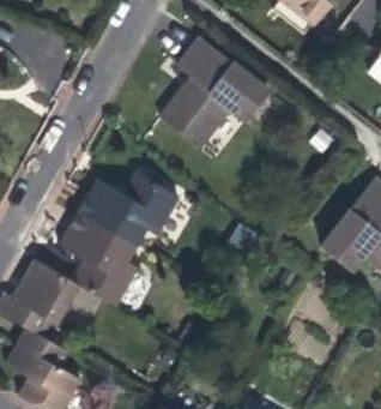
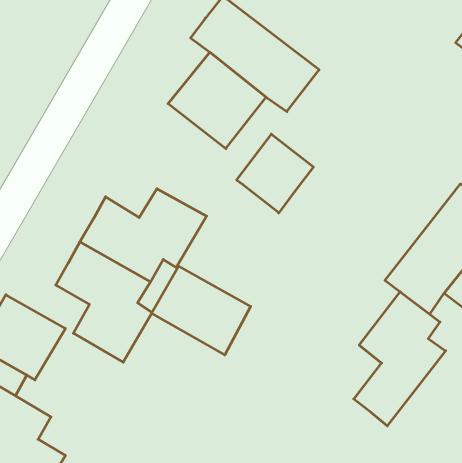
building: none -> [237,134,313,213]
building: none -> [152,266,251,355]
building: none -> [354,292,446,426]

